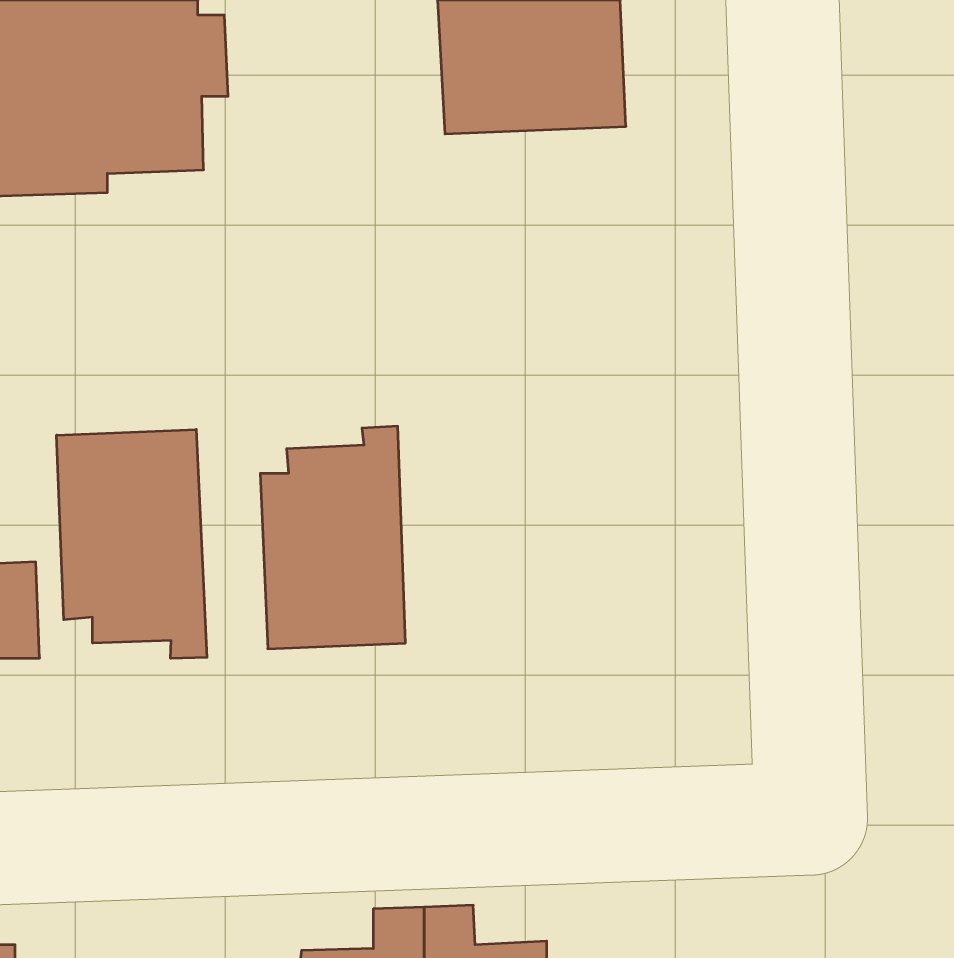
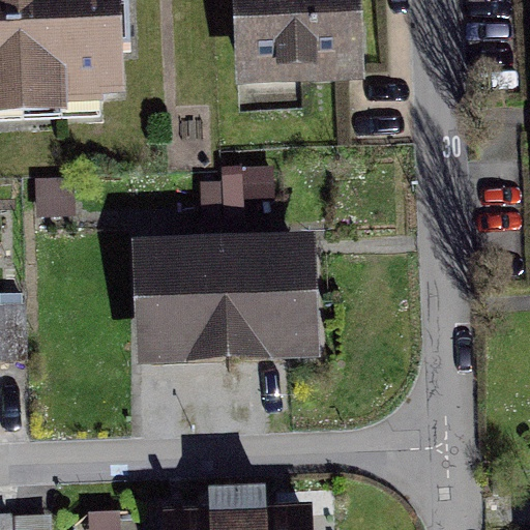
building: none -> [218,237,298,356]
building: [57,429,207,658] -> none

